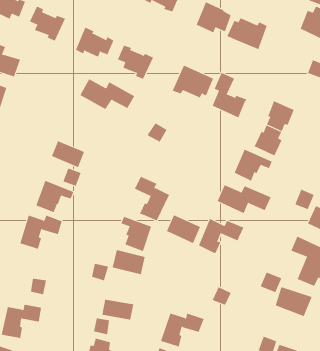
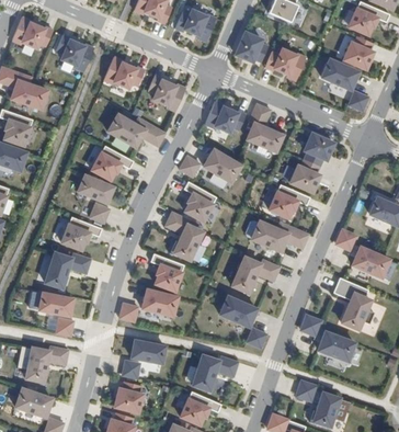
building: none -> [317,57,355,90]
building: none -> [92,146,134,181]
building: none -> [204,150,240,183]
building: none -> [184,182,217,221]
building: [166,214,201,244] -> [220,296,256,327]
building: none -> [39,294,73,316]

